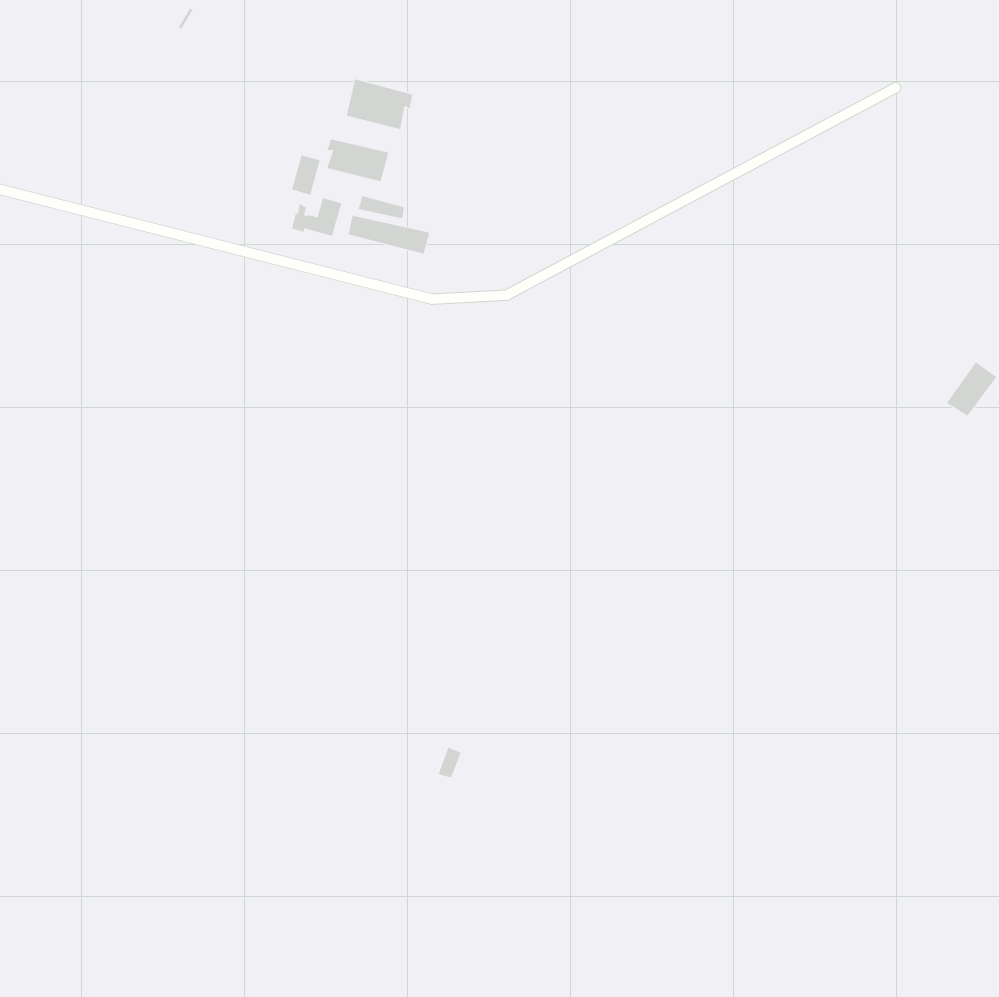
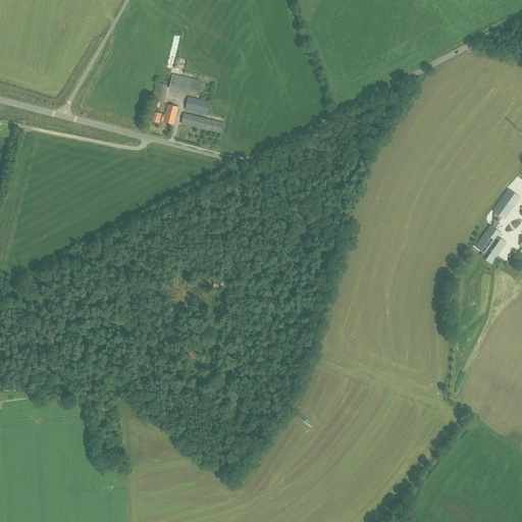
building: [346,79,413,130] -> none
building: none -> [477,224,506,260]

